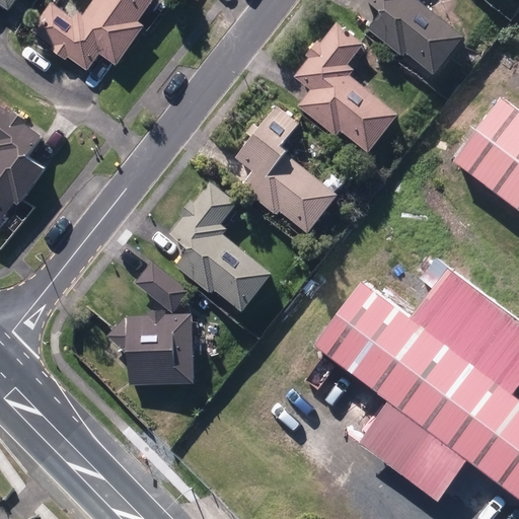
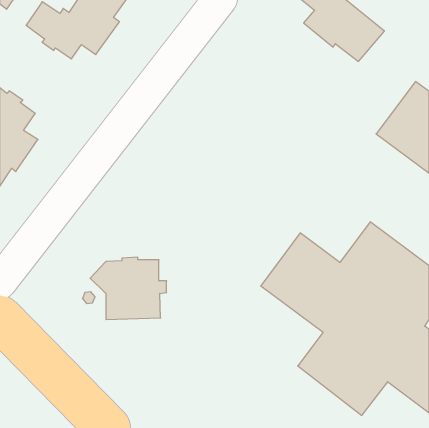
building: [293,22,398,153] -> none
building: [235,106,338,233] -> none
building: [168,180,272,324] -> none
building: [132,260,190,313] -> none

